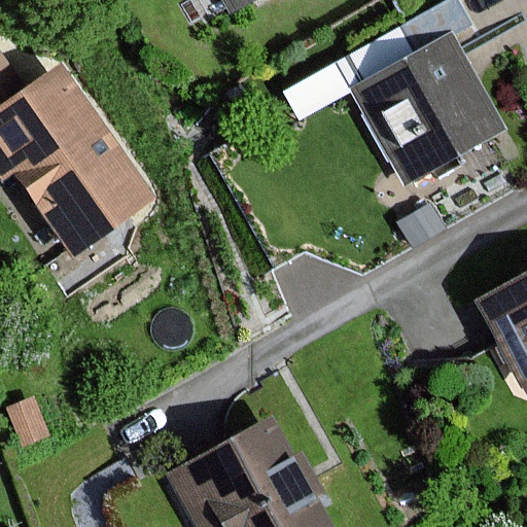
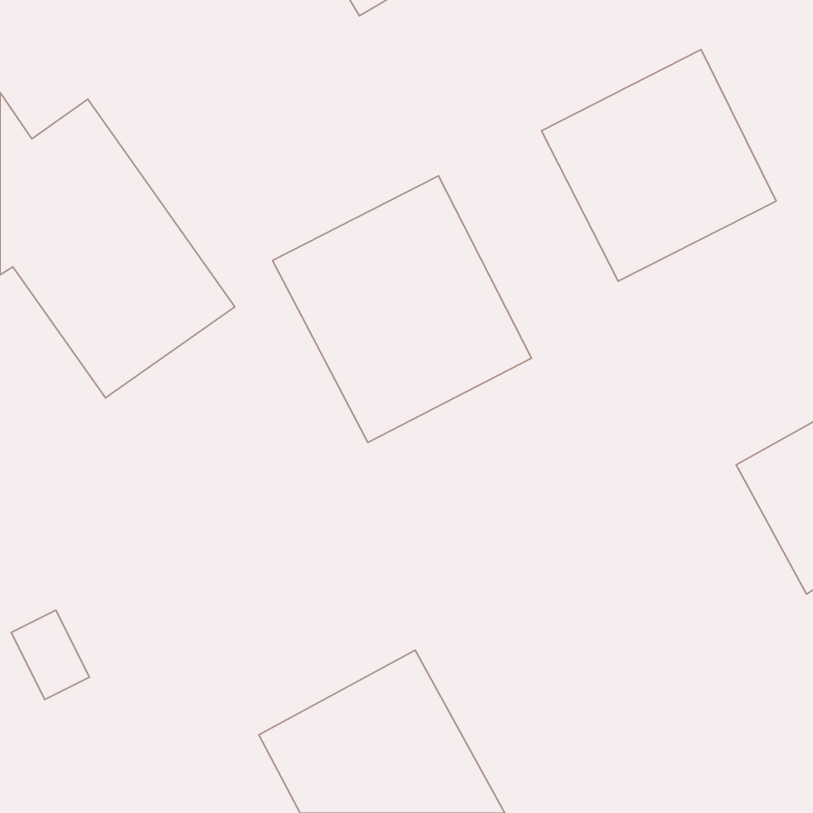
building: none -> [272,176,531,443]

